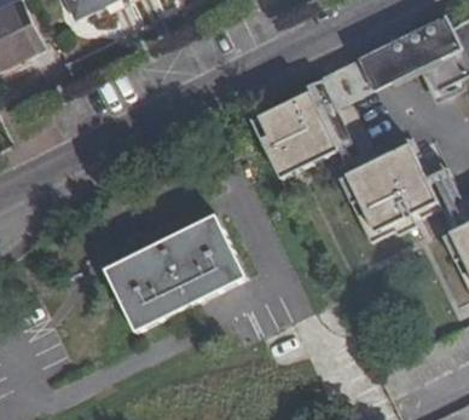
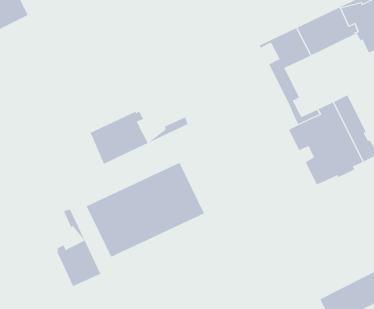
building: [256,80,338,179] -> none
building: none -> [90,111,188,165]
building: none -> [56,209,101,287]

